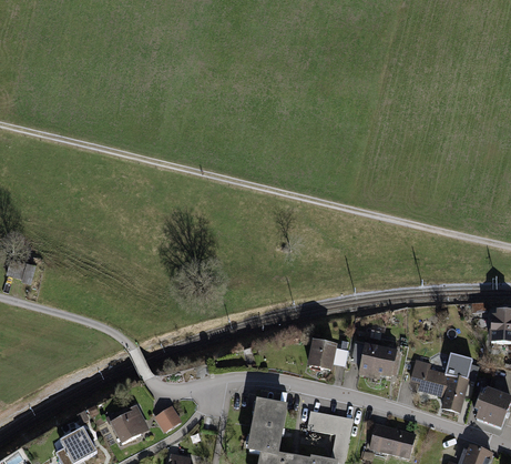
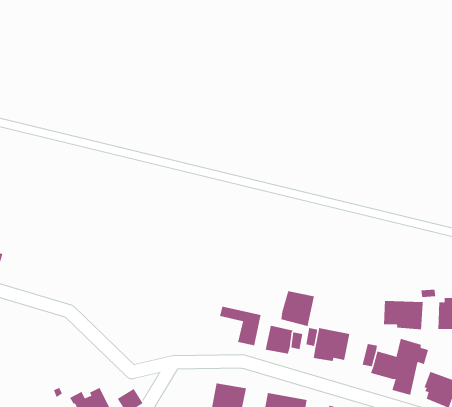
building: none -> [281,290,315,327]
building: none -> [384,300,424,330]
building: none -> [219,306,261,346]

